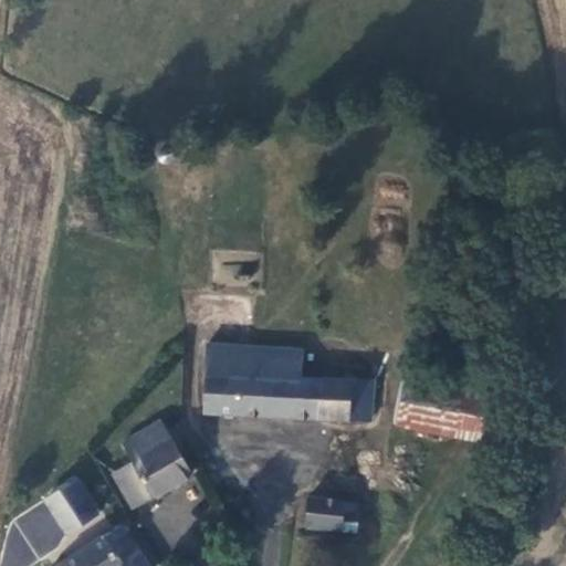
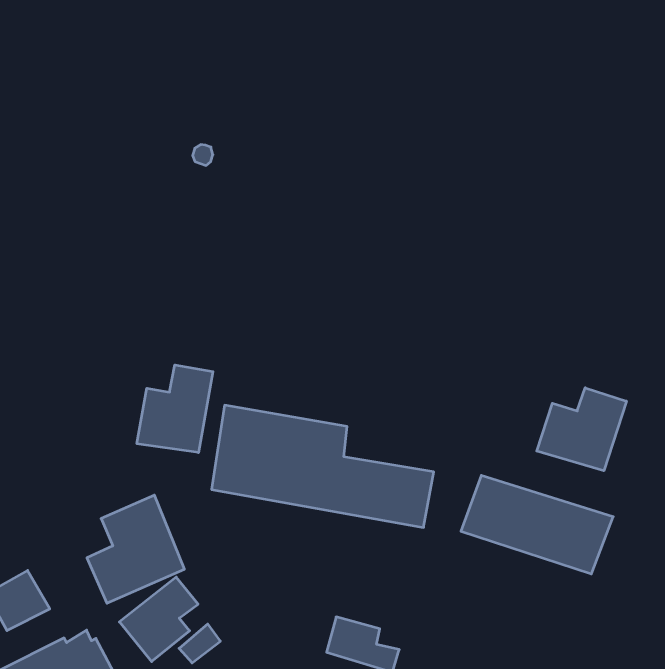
building: none -> [537,388,626,471]
building: none -> [137,365,213,453]

